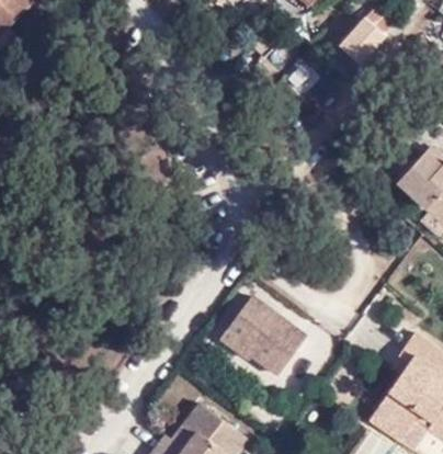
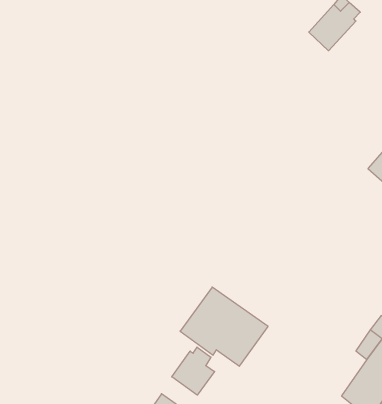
building: none -> [172,347,215,395]

